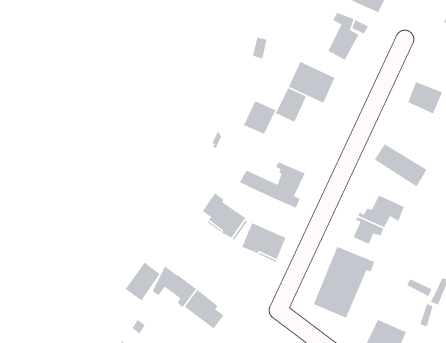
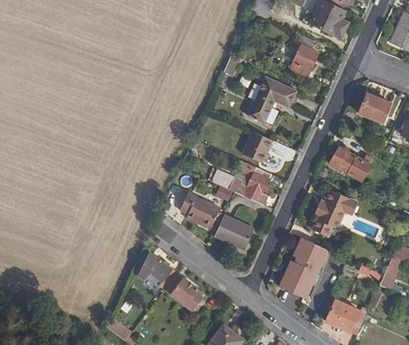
building: [243,100,276,135] -> [243,132,272,162]
building: [124,262,160,301] -> none

